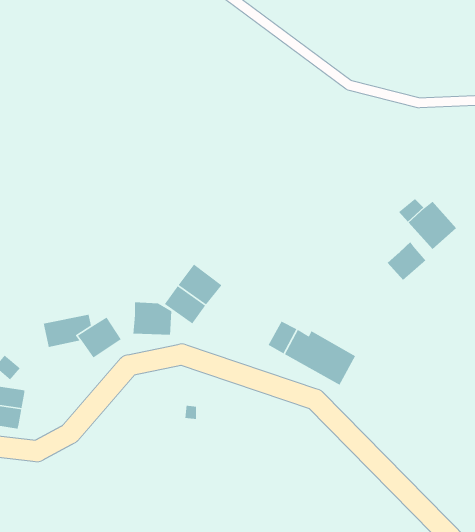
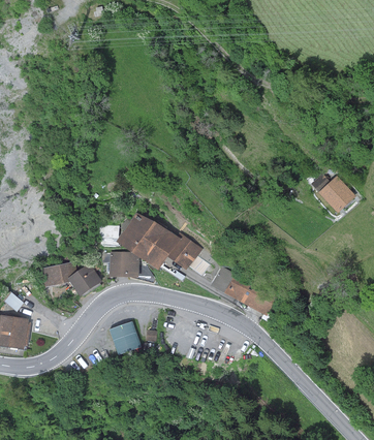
building: [387,241,427,281] -> none
building: none -> [114,210,155,254]
building: none -> [164,233,209,276]
building: none -> [108,321,141,354]

